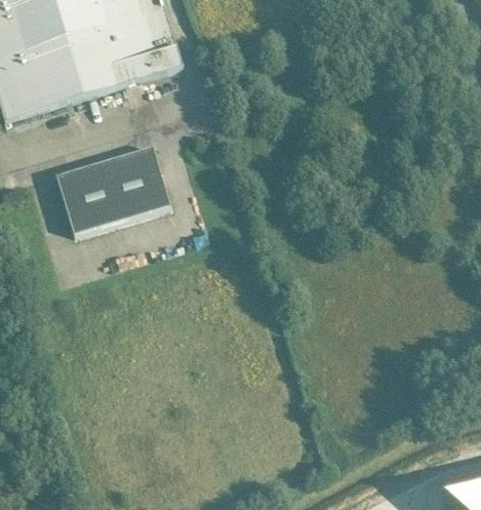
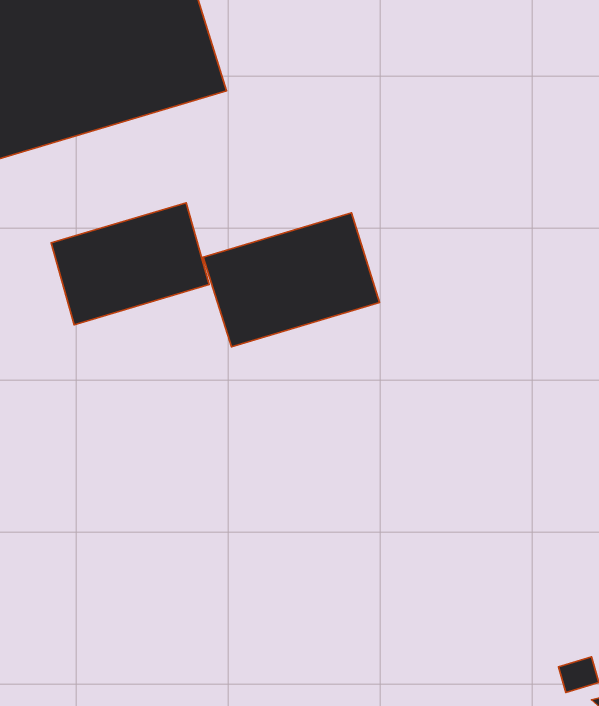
building: none -> [203,213,380,347]

